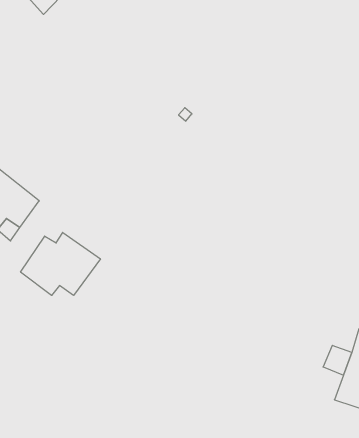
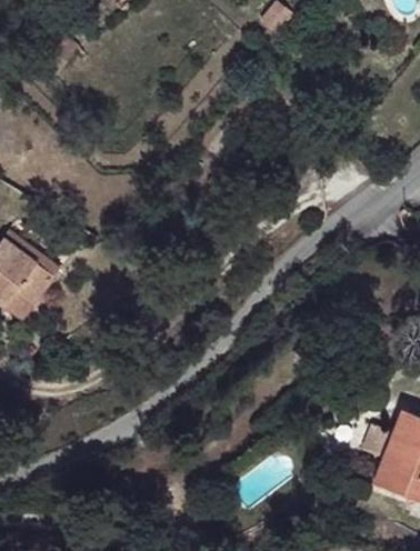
building: [21,232,100,295] -> none

